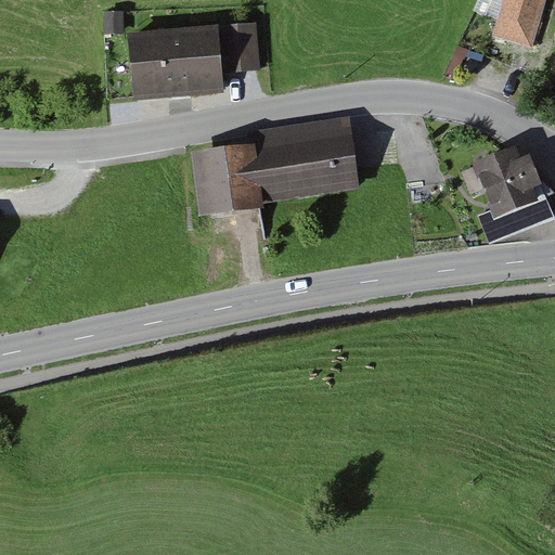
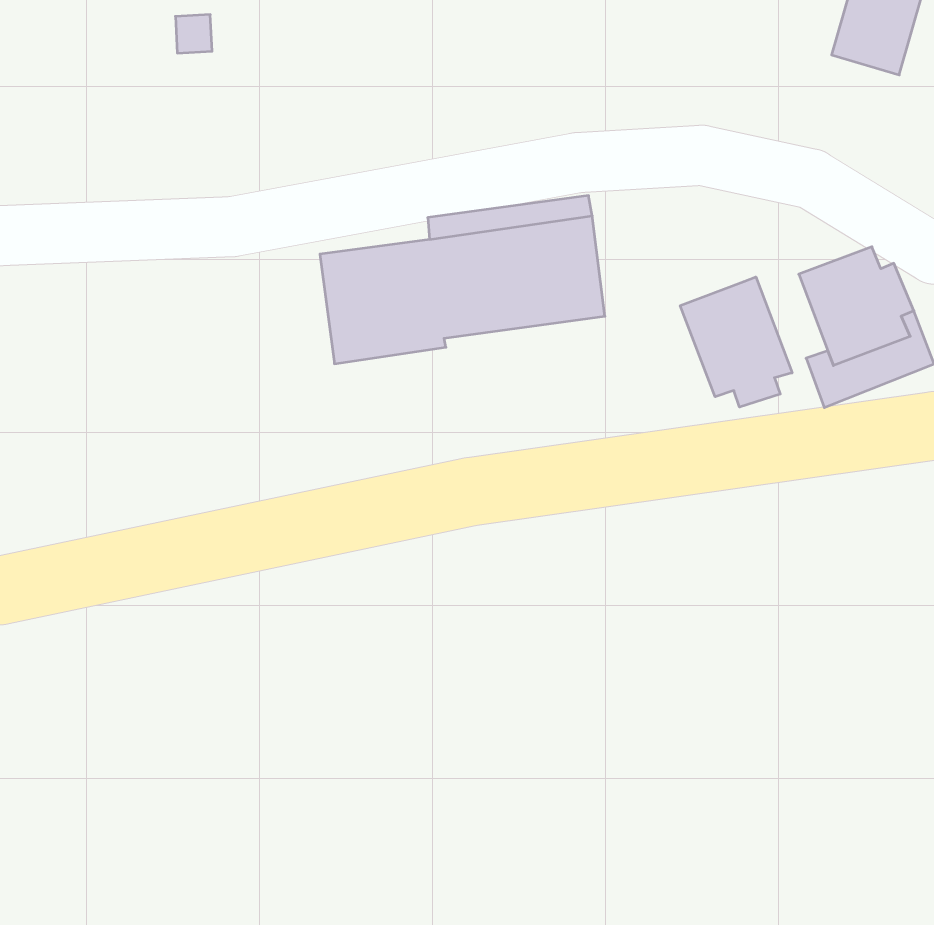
building: [127,21,261,100] -> none
building: none -> [680,277,792,407]

